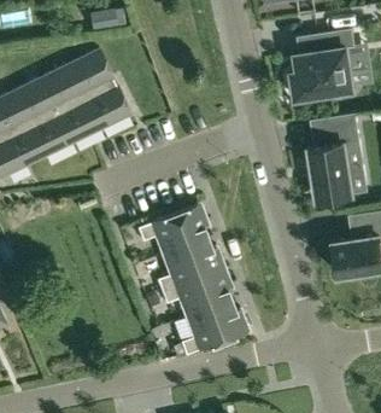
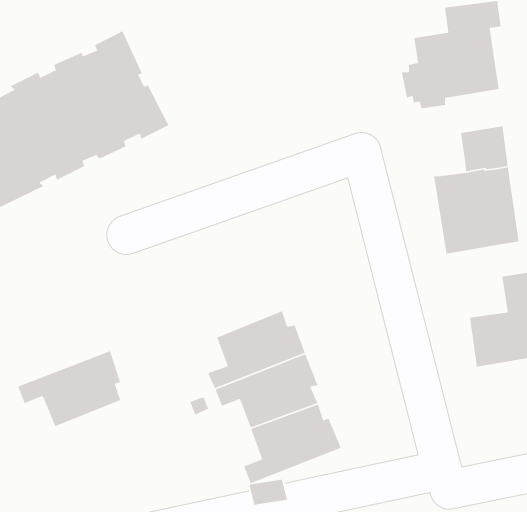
building: [137,204,207,256] -> [17,350,121,427]

